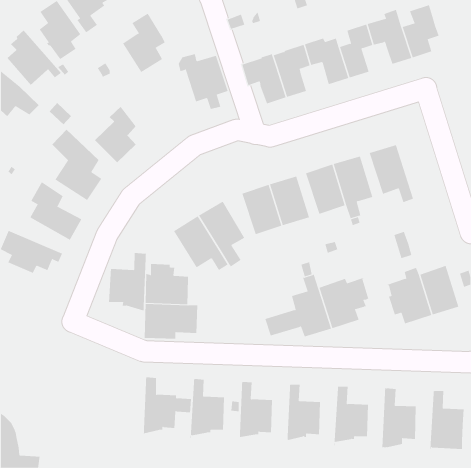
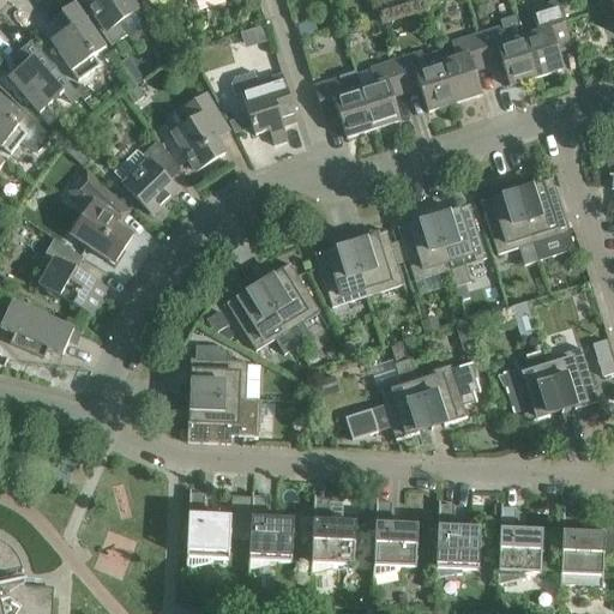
building: [122,13,166,73] -> [171,91,228,169]
building: none -> [516,176,574,259]
building: [108,250,147,314] -> none

